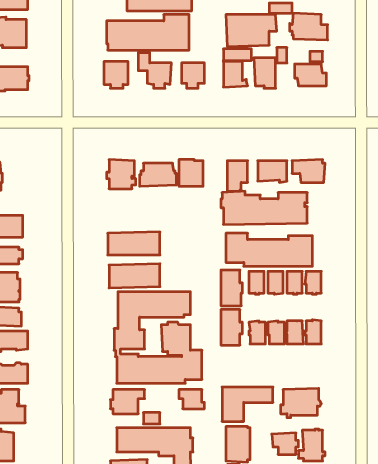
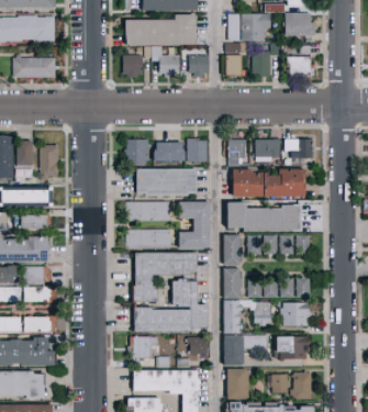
building: none -> [40,145,59,180]
building: none -> [136,168,196,196]
building: none -> [178,201,210,248]
building: none -> [223,300,271,334]
building: none -> [280,303,310,325]

